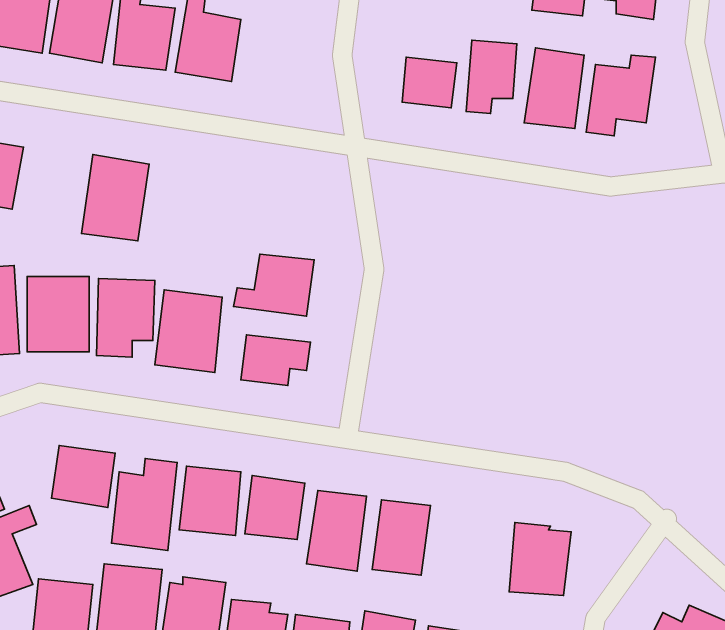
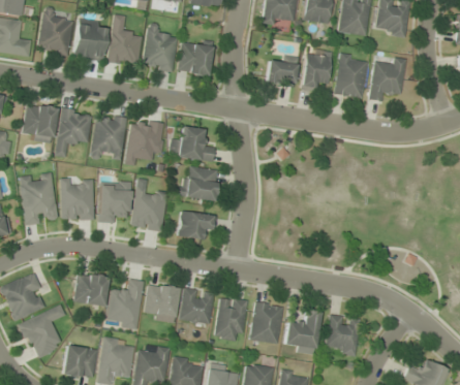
building: none -> [177,40,213,76]
building: none -> [55,108,92,158]
building: none -> [125,120,164,166]
building: none -> [171,128,213,160]
building: none -> [284,311,320,353]

